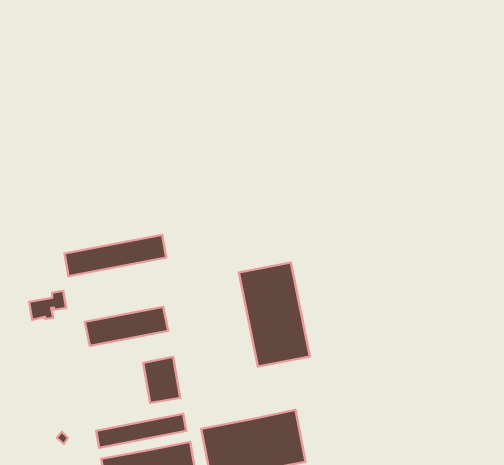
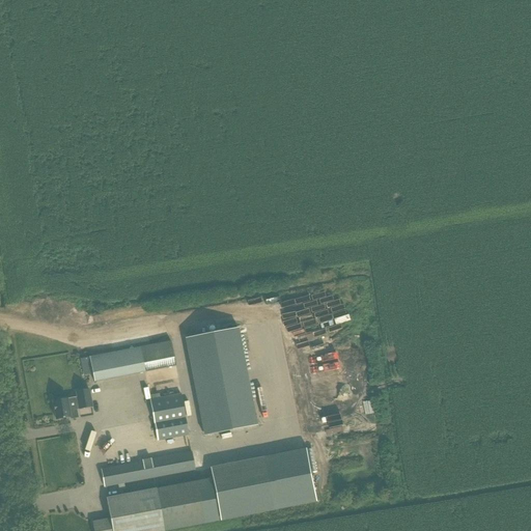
building: [65,235,166,276] -> none
building: [239,263,310,367] -> [185,327,258,435]
building: [29,291,66,320] -> [53,389,91,419]

